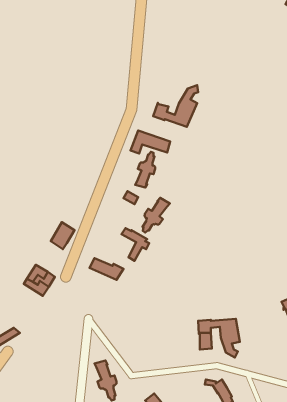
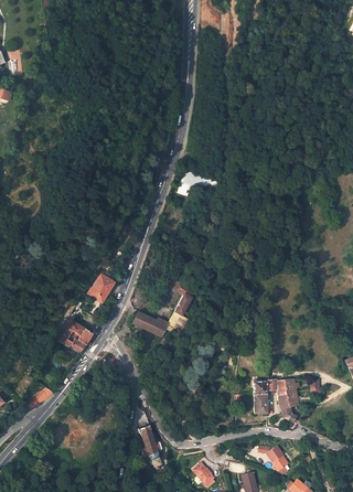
building: [153,85,198,127] -> none
building: [135,152,155,188] -> none
building: [143,198,170,233] -> none

